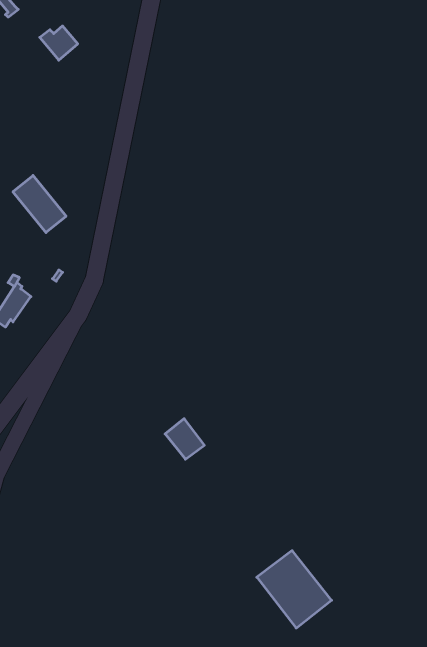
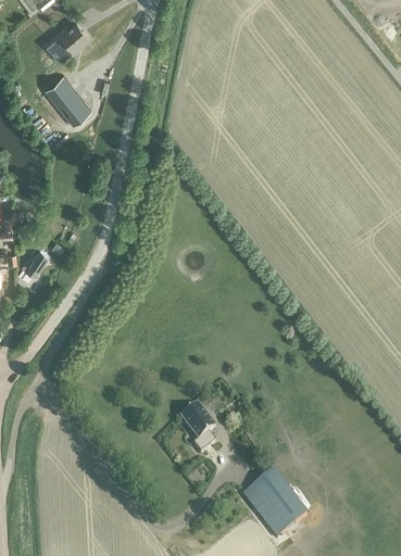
building: [13,175,66,233] -> [45,75,90,124]
building: [165,419,204,459] -> [180,404,214,439]

